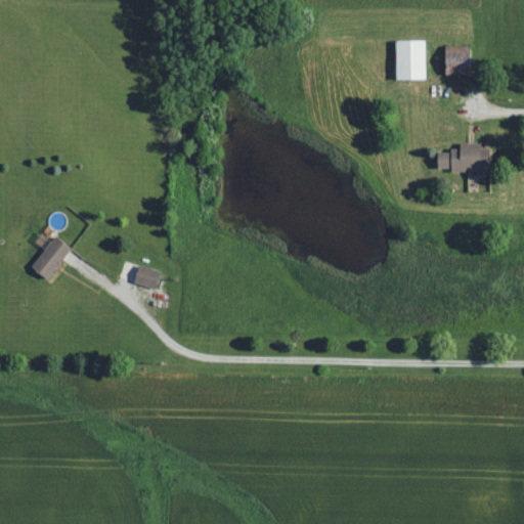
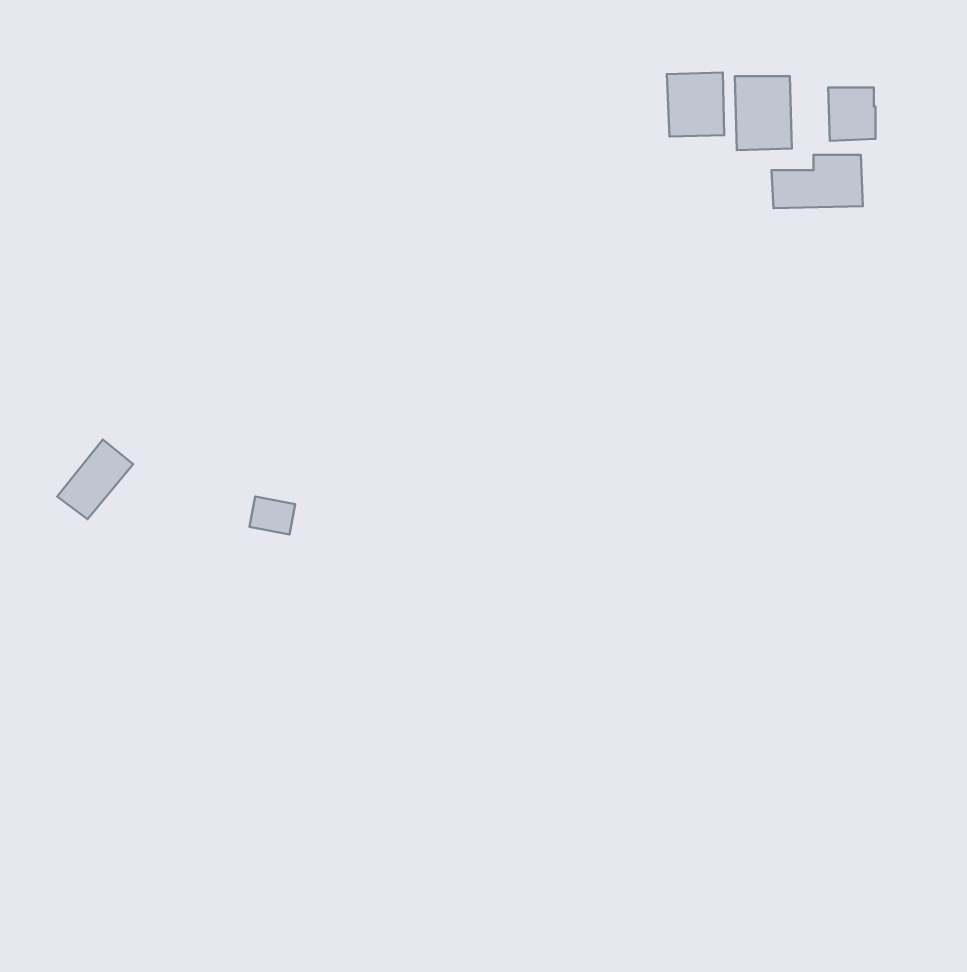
building: none -> [667,73,724,137]
building: [437,143,486,172] -> [771,155,863,208]

